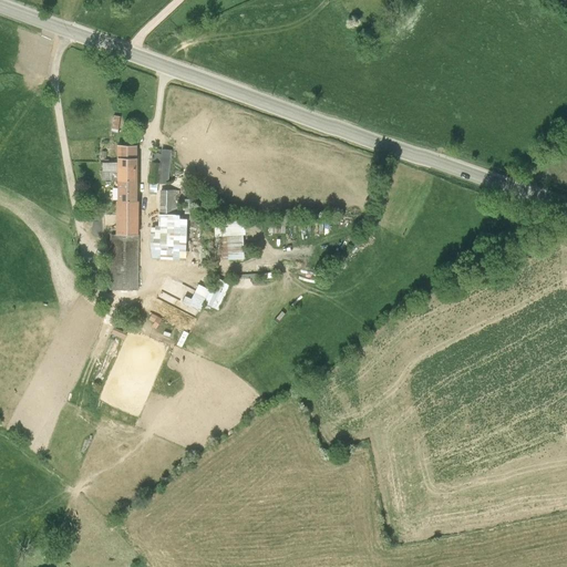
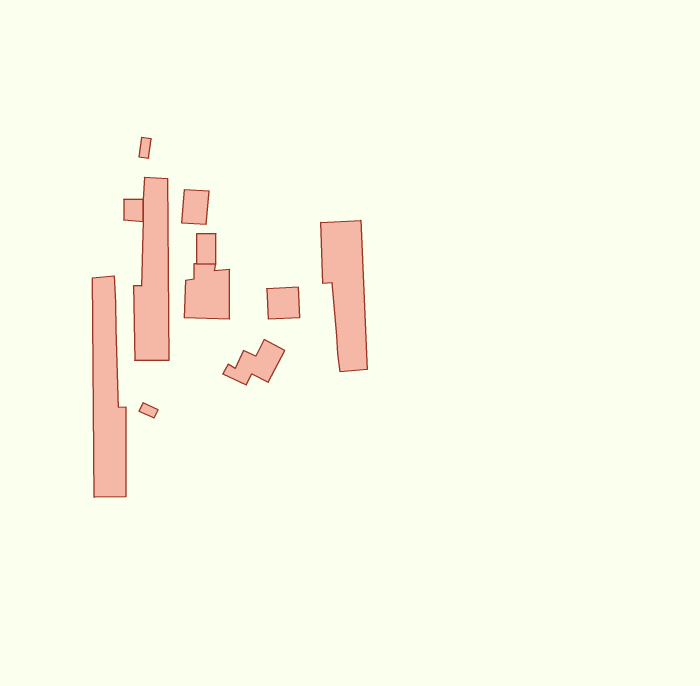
building: none -> [321,220,367,372]
building: none -> [93,276,126,497]

